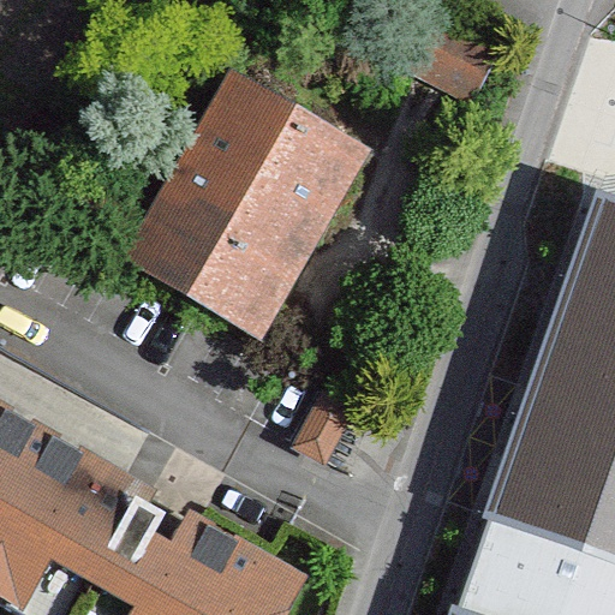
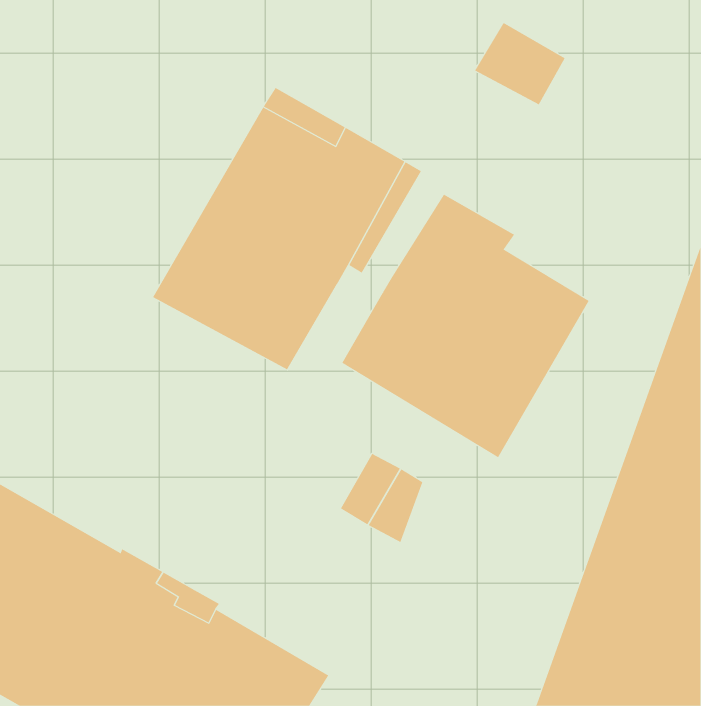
building: none -> [342,194,589,458]

